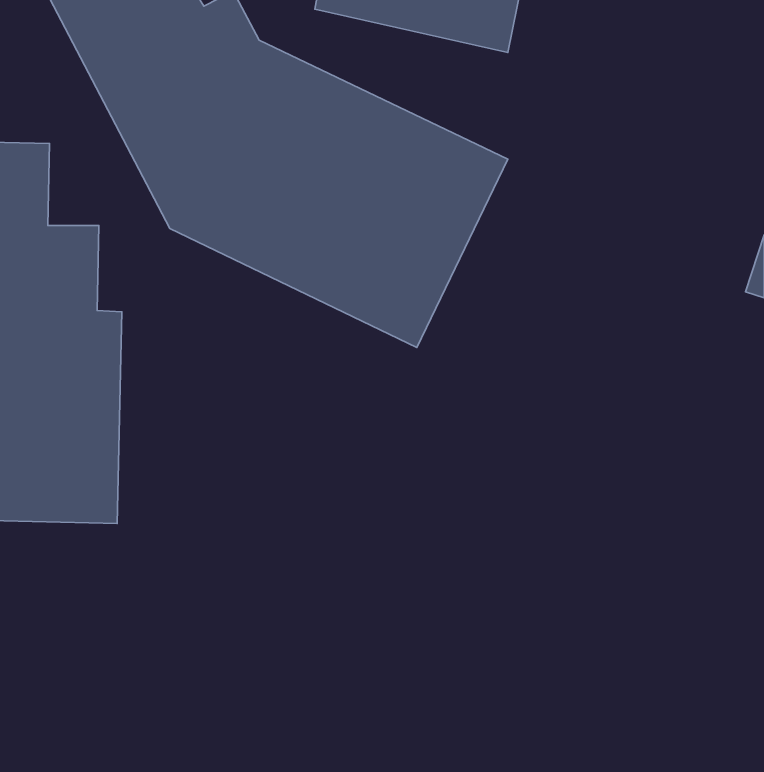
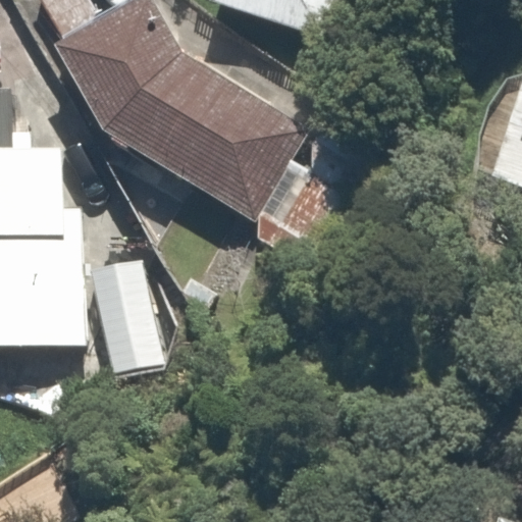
building: none -> [93,260,156,362]

